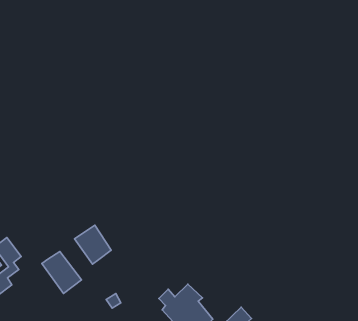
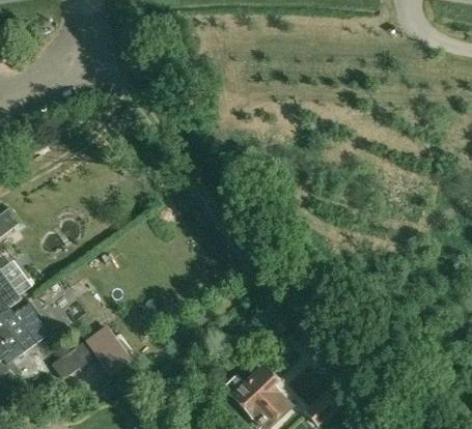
building: [74,225,111,264] -> none
building: none -> [50,344,91,380]

